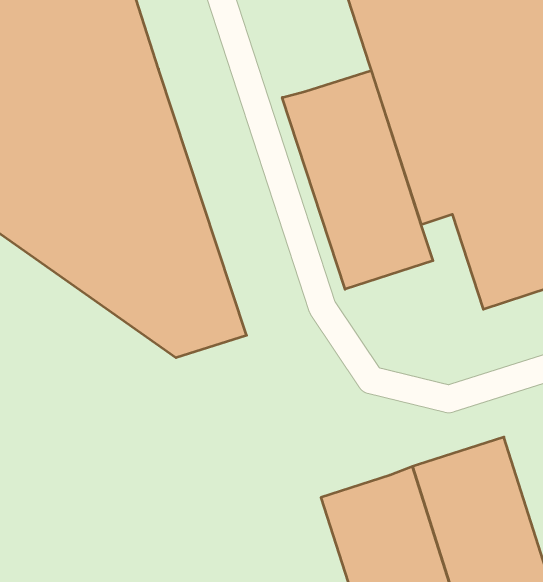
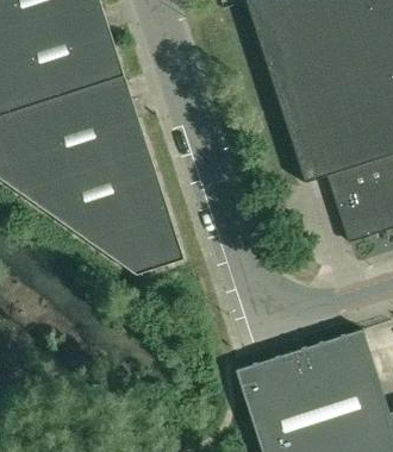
building: [282,70,433,289] -> none

